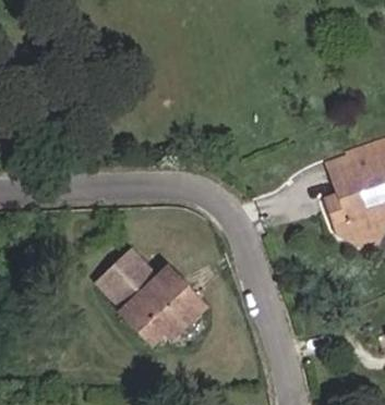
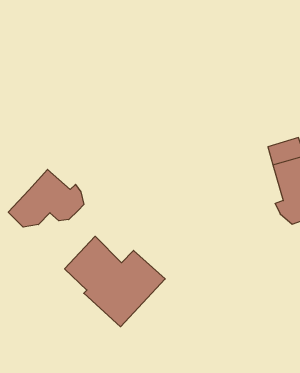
building: none -> [8,169,84,227]

